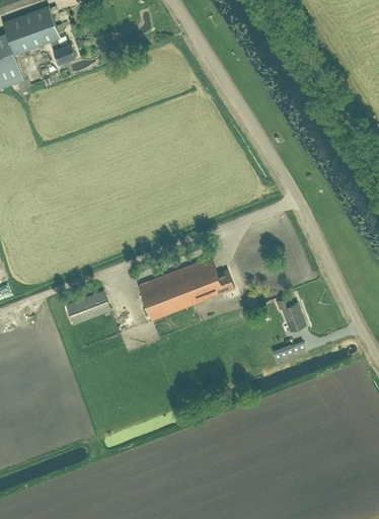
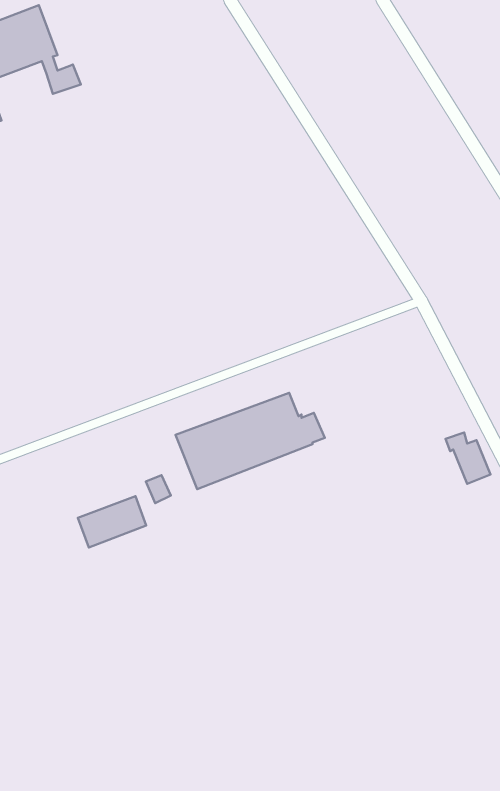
building: [65,292,109,325] -> [78,496,146,547]
building: [276,298,305,331] -> [445,432,491,484]

